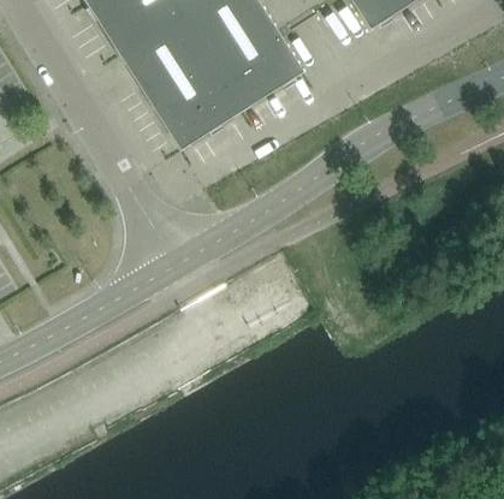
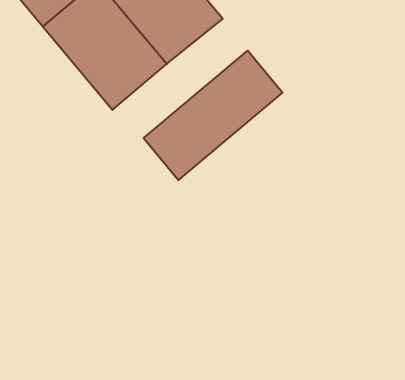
building: none -> [144,51,283,180]

